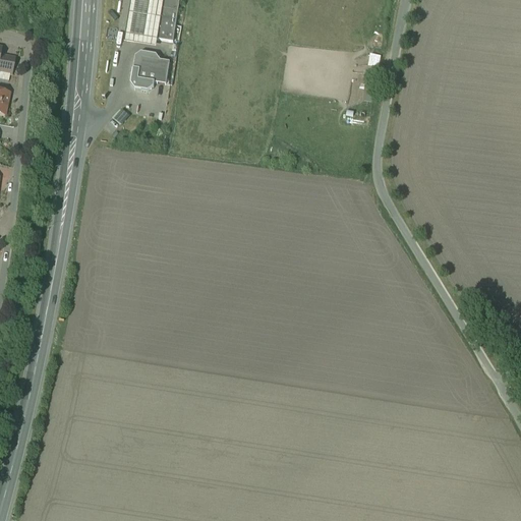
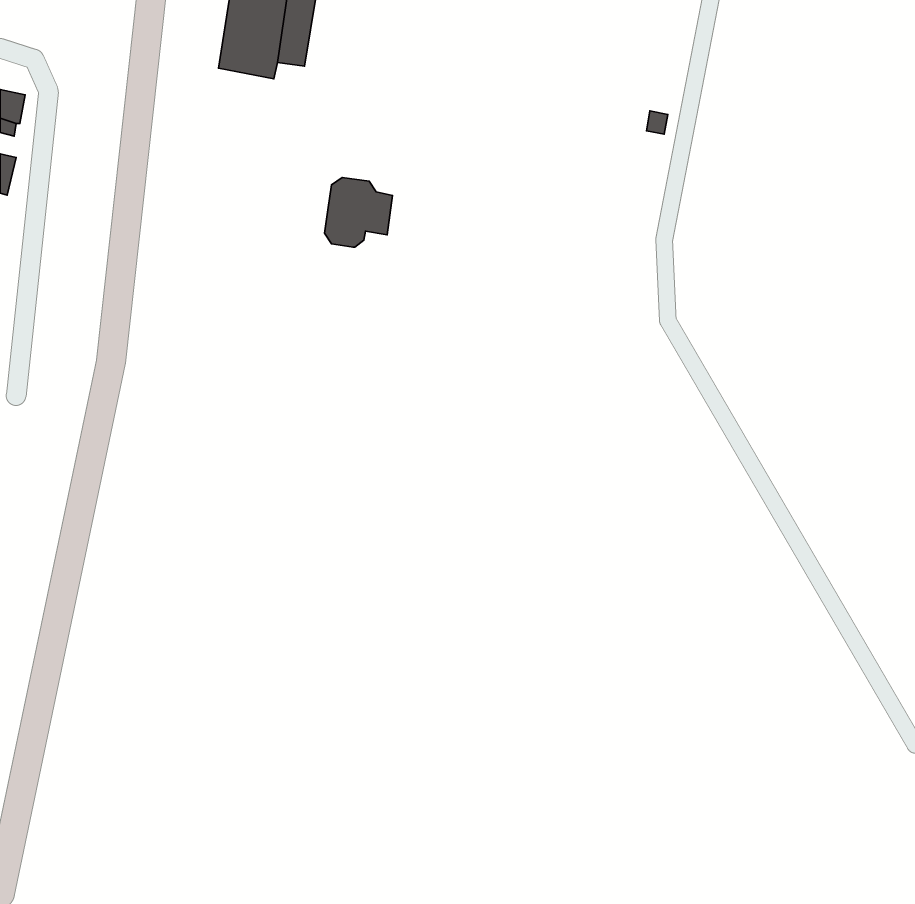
building: [131,48,170,88] -> [324,178,392,247]

